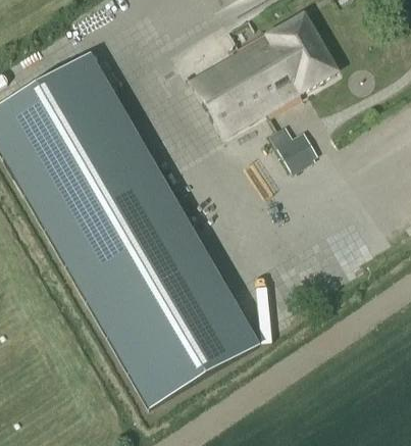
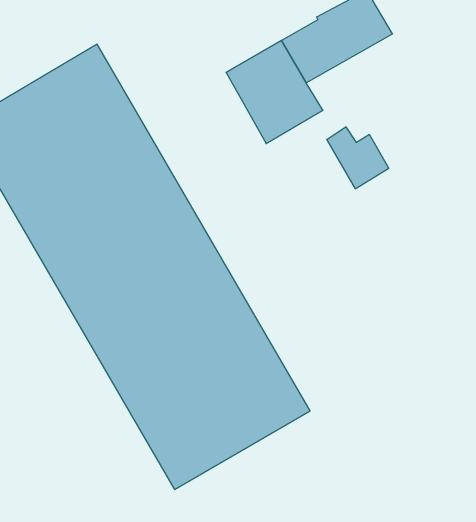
building: [255,46,337,106] -> none

